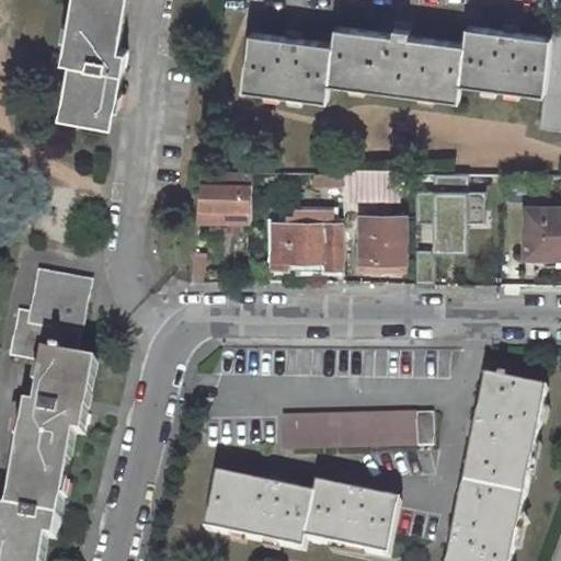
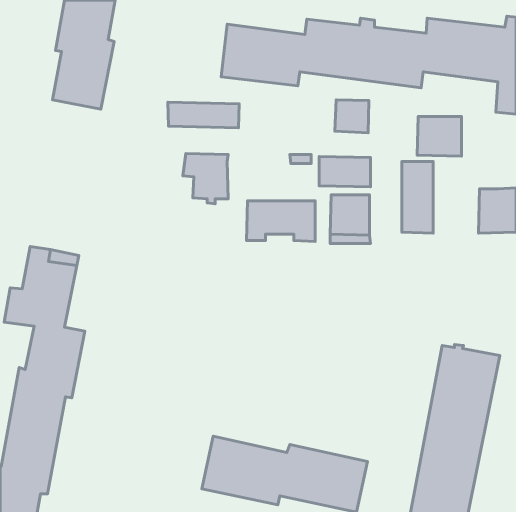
building: none -> [335,100,369,133]
building: none -> [168,102,239,128]
building: none -> [417,117,461,156]
building: [277,415,427,449] -> none

